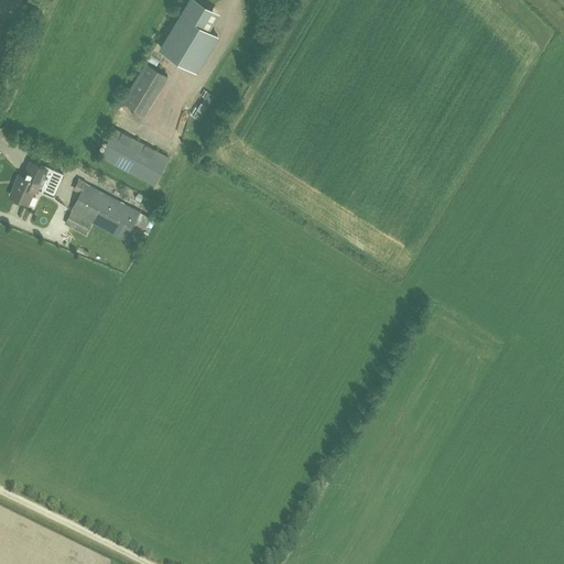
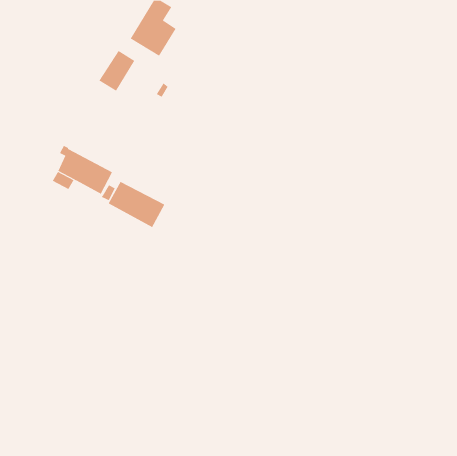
building: [98,130,169,187] -> [108,181,165,228]
building: [10,163,62,205] -> none

